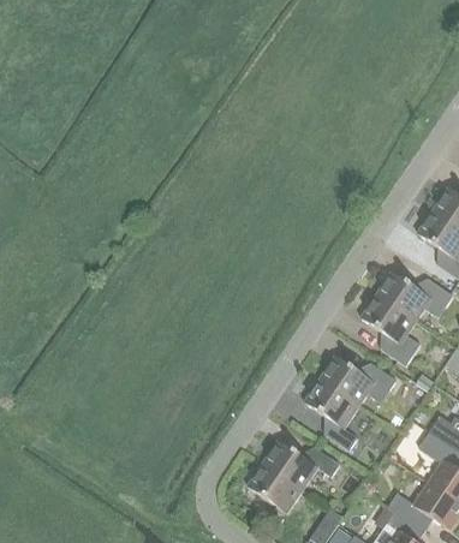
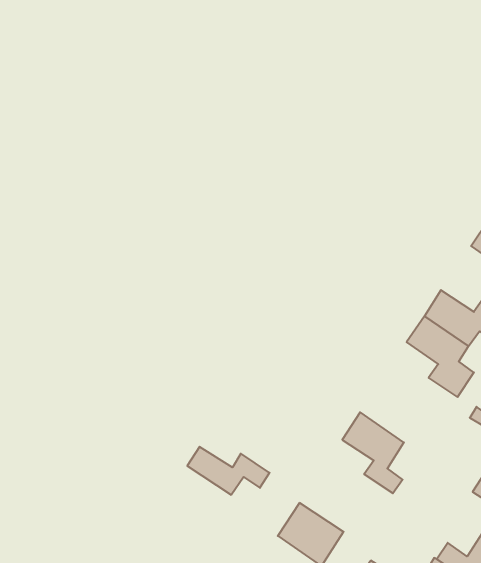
building: [320,354,395,404] -> none
building: [267,440,339,482] -> [187,447,270,495]

